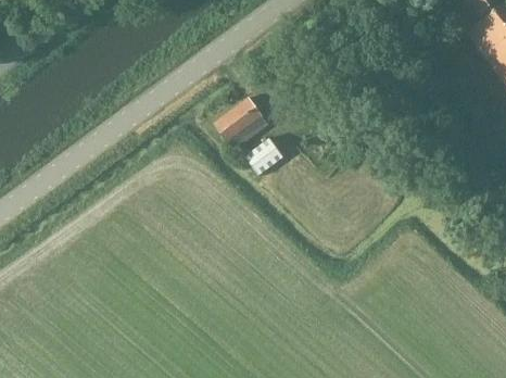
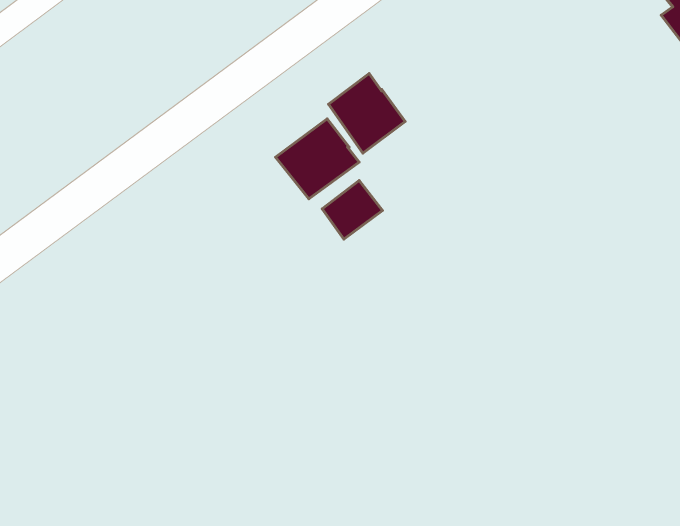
building: none -> [329,74,405,153]

